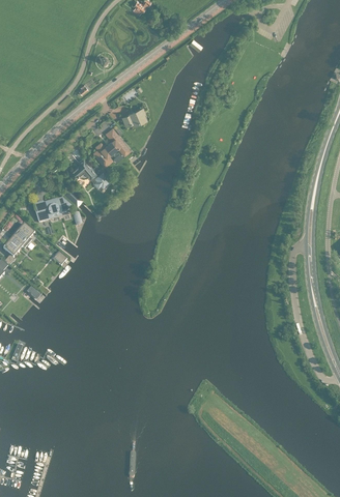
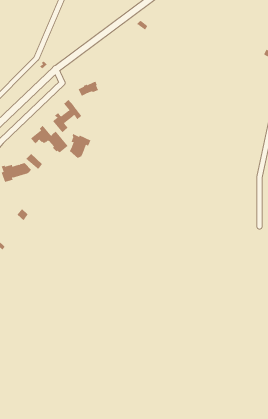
building: none -> [69,133,91,159]

